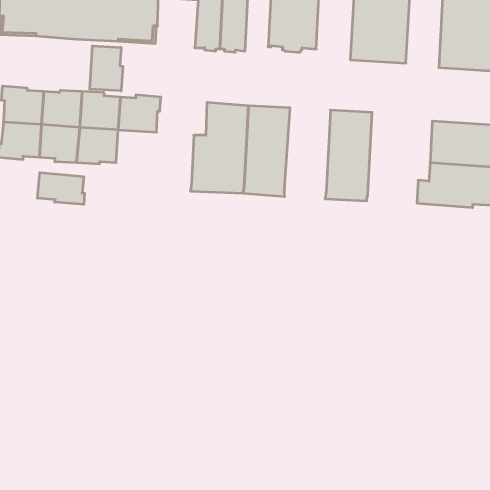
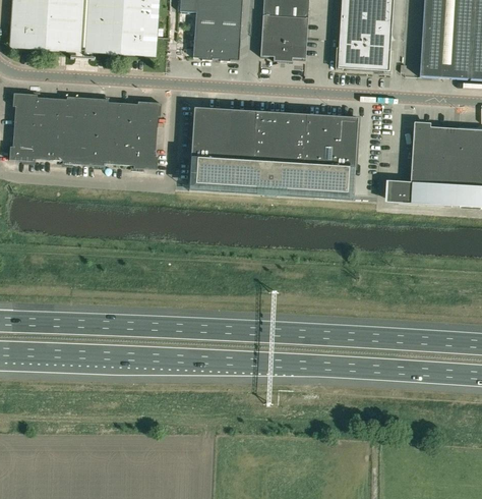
building: [90,46,123,91] -> none
building: none -> [276,113,318,198]
building: none -> [119,133,158,169]
building: [38,173,85,204] -> none

